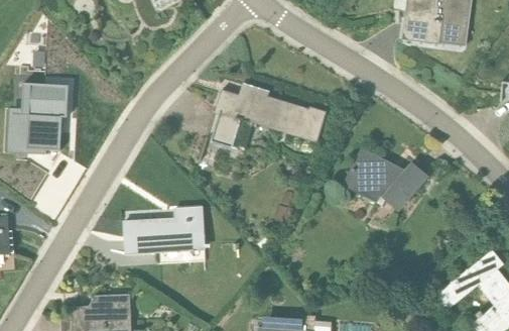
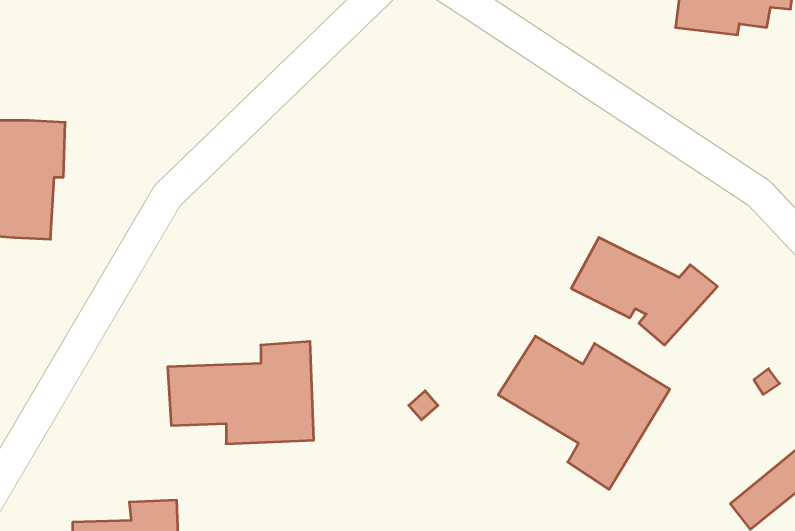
building: [207,83,327,147] -> none
building: none -> [498,336,670,489]

